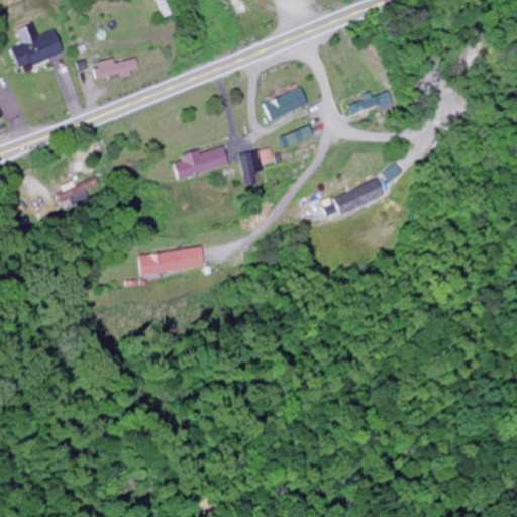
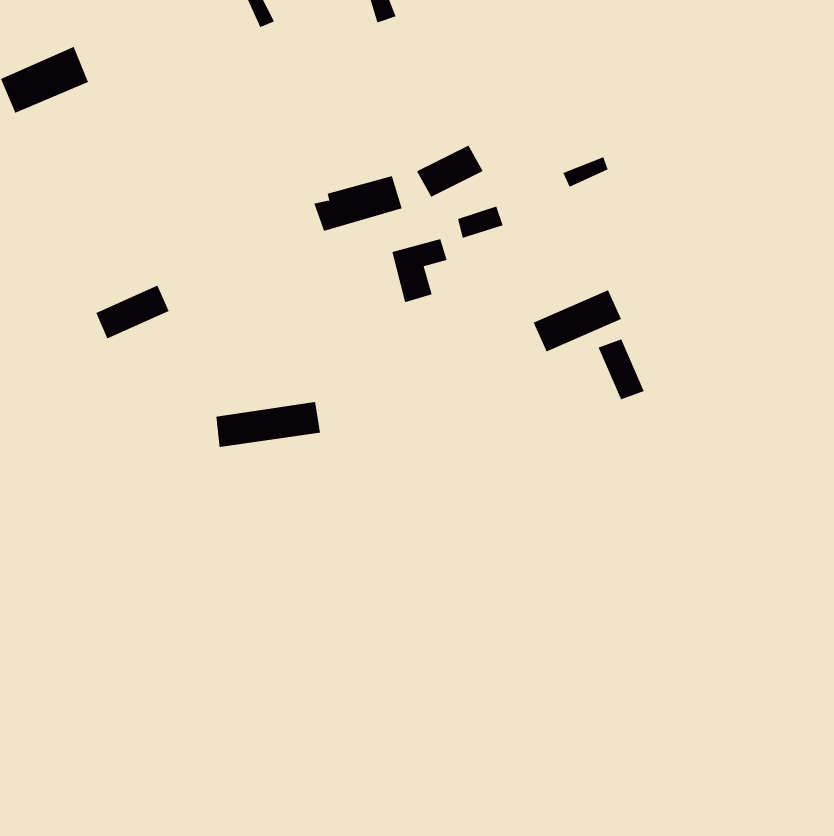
building: [93,57,137,75] -> none
building: [175,144,229,179] -> [314,176,402,232]
building: none -> [598,339,644,400]

